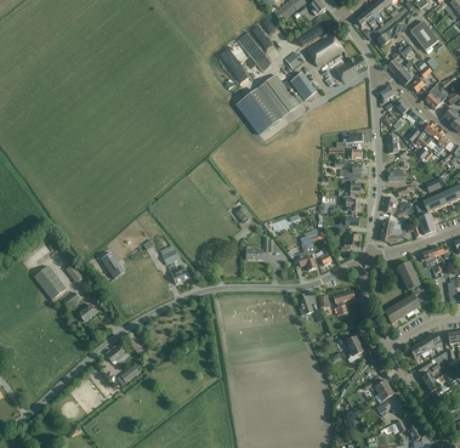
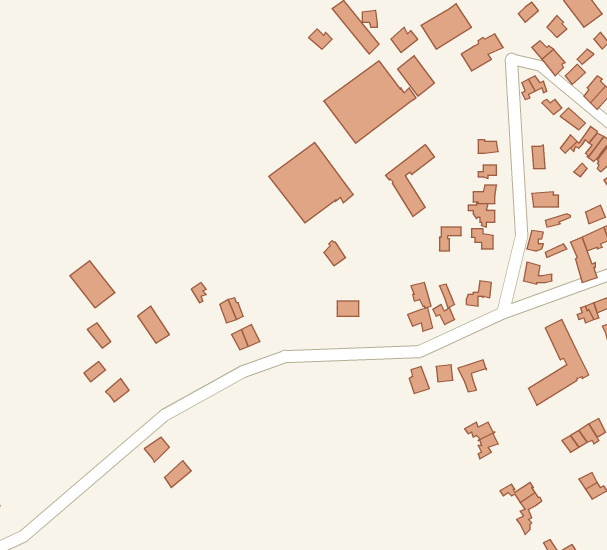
building: none -> [269,142,353,223]
building: none -> [386,145,434,217]
building: [33,265,66,299] -> [70,261,115,308]

